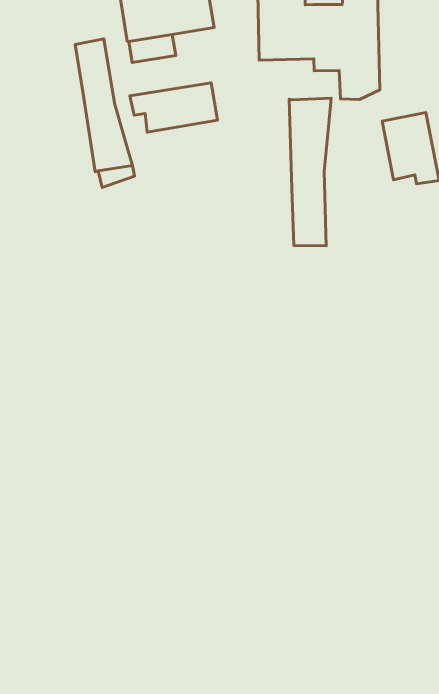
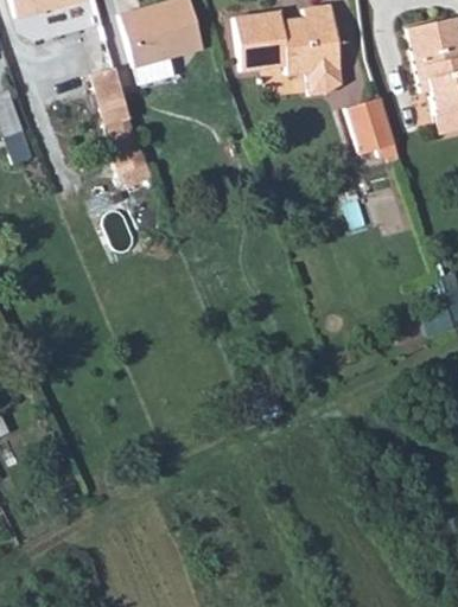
building: [130,83,217,132] -> none
building: [289,98,331,246] -> none

